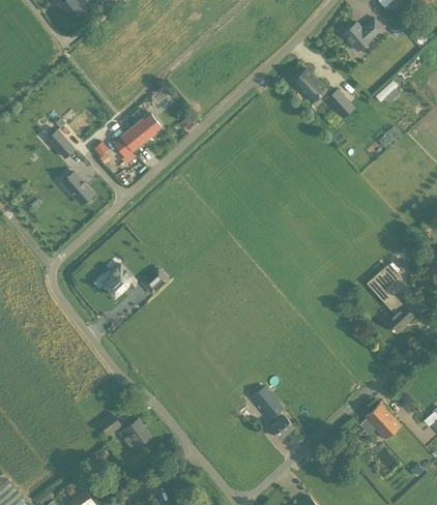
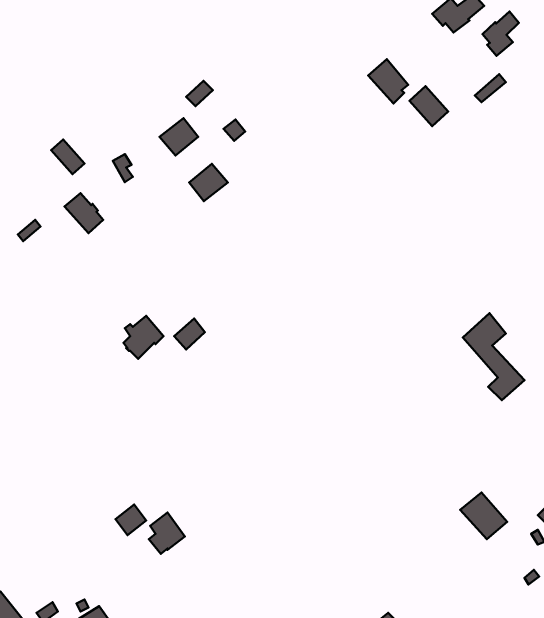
building: none -> [483,11,519,56]
building: [114,127,144,156] -> [189,164,228,201]
building: [252,385,293,438] -> none

